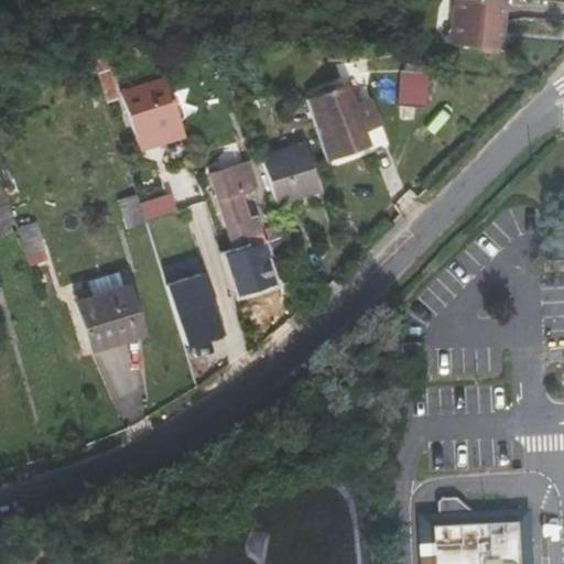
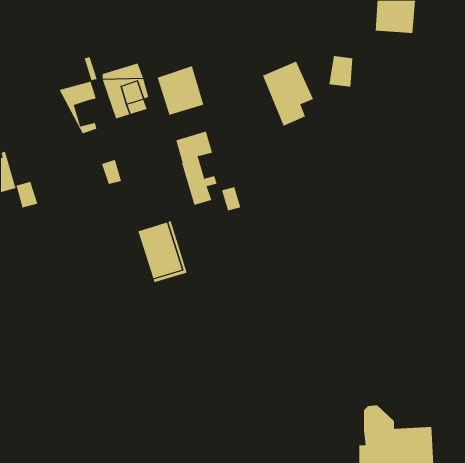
building: none -> [59,81,97,134]
building: [262,144,319,205] -> [157,66,204,116]
building: [226,245,276,300] -> none
building: [73,278,143,350] -> none

